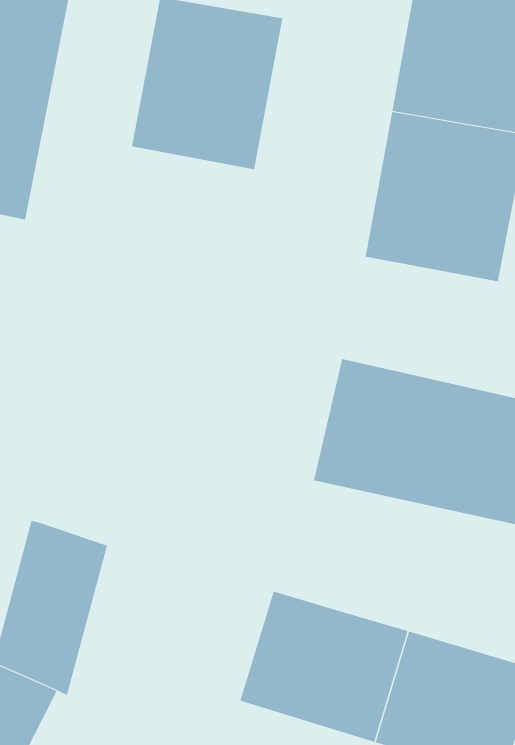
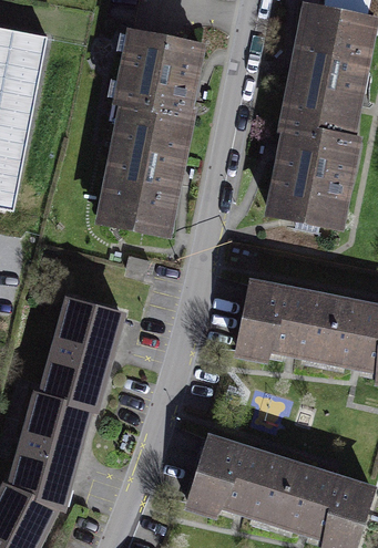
building: none -> [88,137,187,244]
building: none -> [44,292,122,403]

